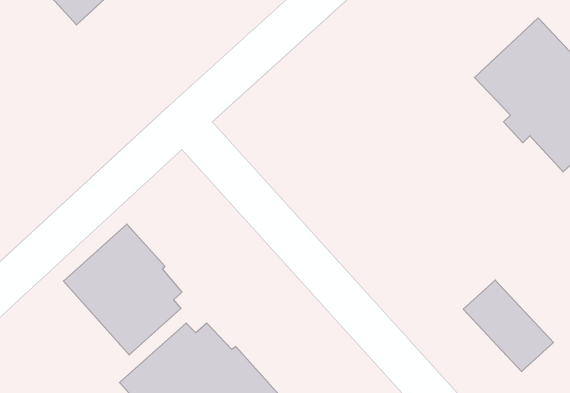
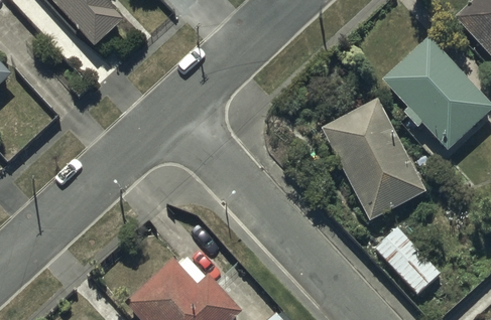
building: none -> [321,99,424,220]
building: [63,224,182,355] -> none

